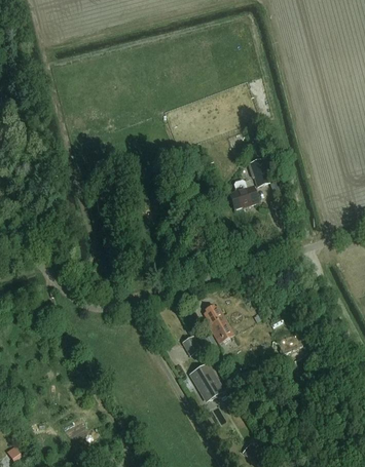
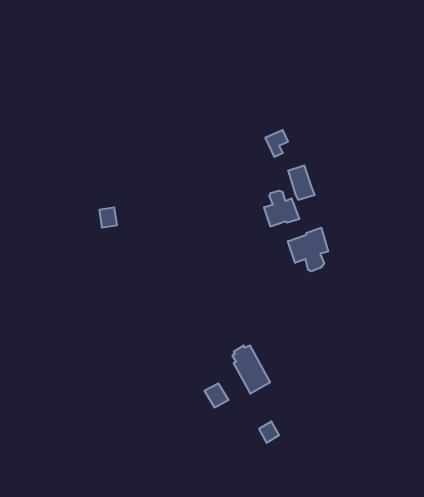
building: none -> [288,228,328,271]
building: [190,364,223,401] -> none

